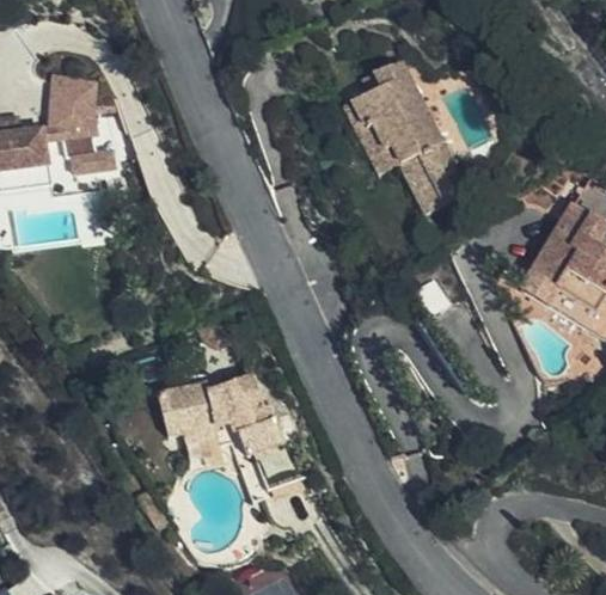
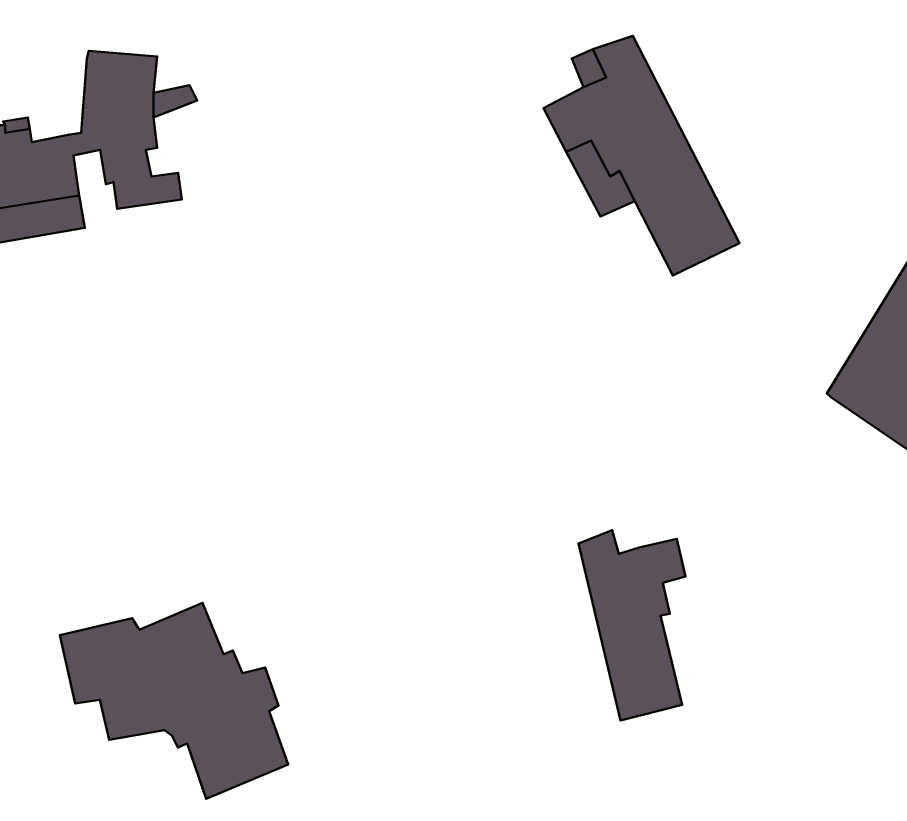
building: none -> [579,530,685,721]
building: [158,372,301,495] -> [60,603,288,799]

